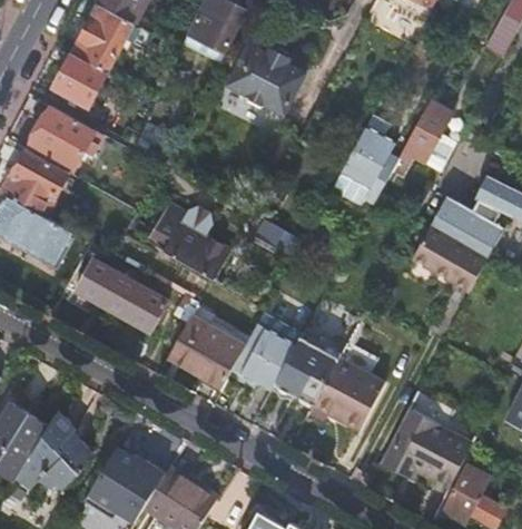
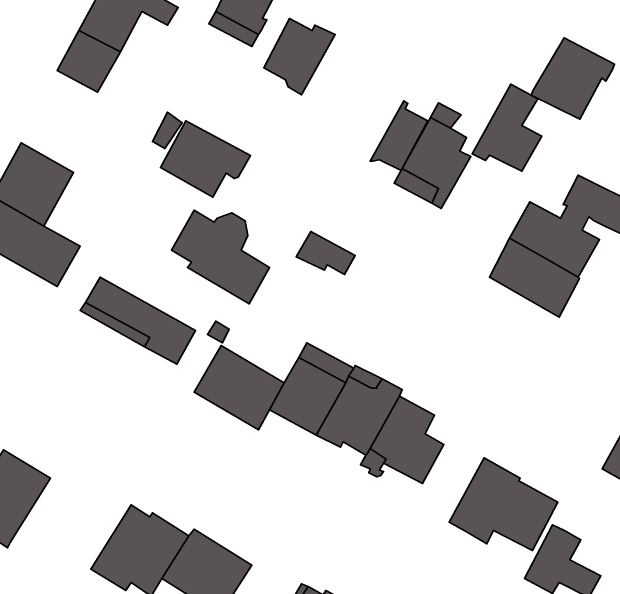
building: [257,57,305,115] -> [370,101,428,171]
building: none -> [531,38,614,119]
building: [30,106,105,169] -> [160,121,250,197]
building: [16,411,91,489] -> none

